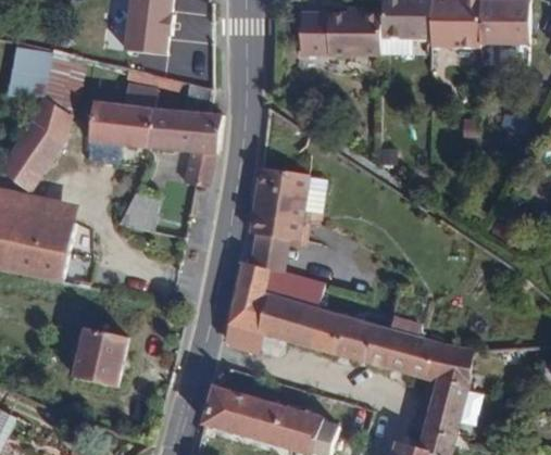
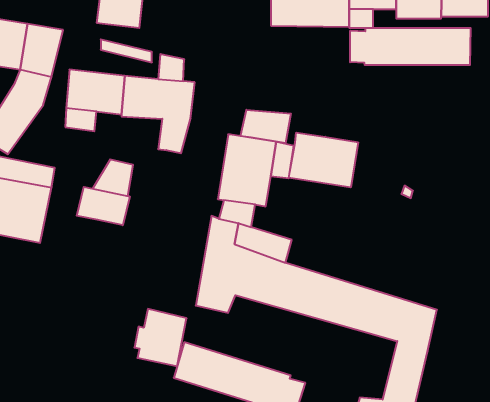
building: none -> [350,28,471,65]
building: none -> [240,110,291,143]
building: none -> [289,133,358,187]
building: none -> [77,187,130,225]
building: [73,324,127,383] -> [134,309,187,366]

